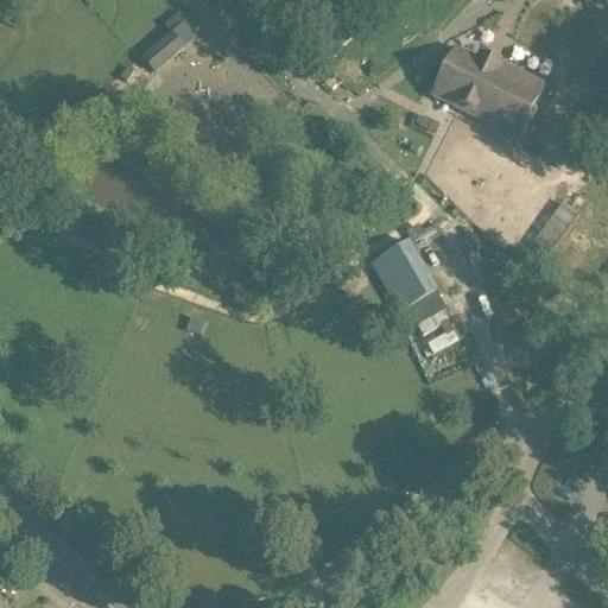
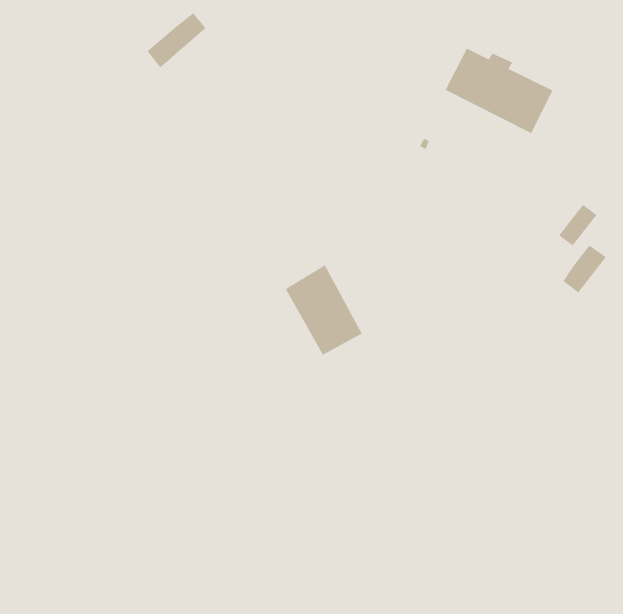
building: [369,235,445,324] -> [285,264,363,356]
building: none -> [562,244,607,294]

